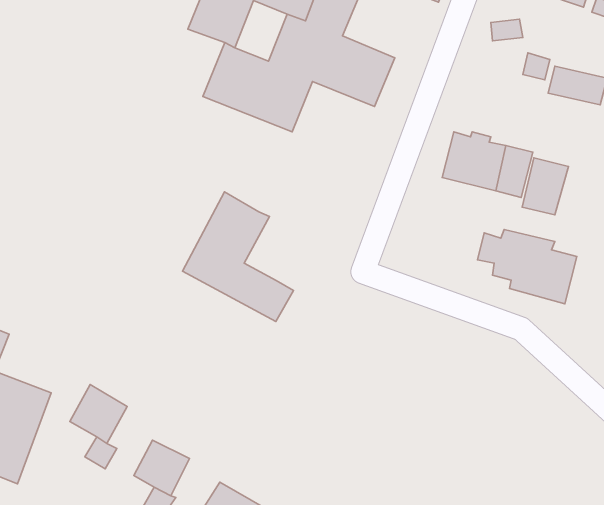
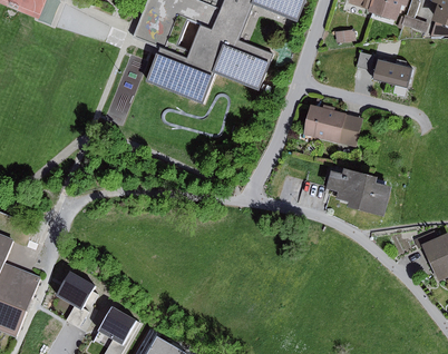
building: [522,158,568,215] -> none
building: [182,192,294,322] -> none

